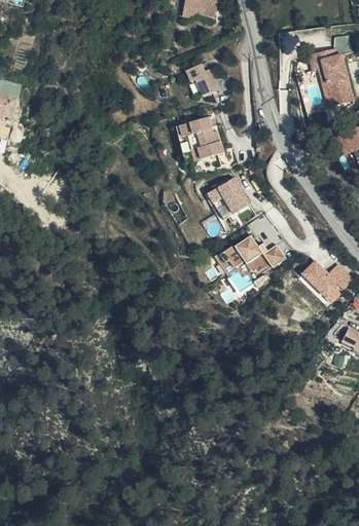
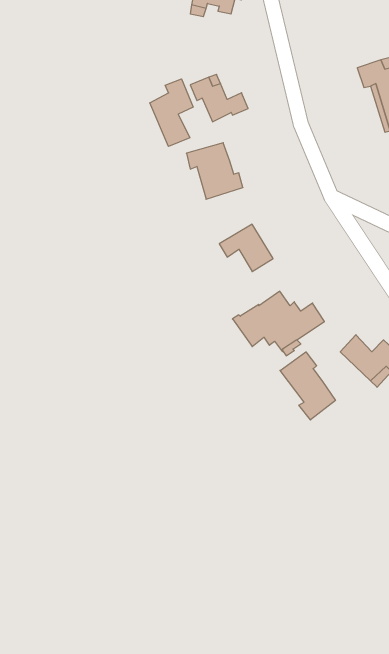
building: none -> [150,79,193,146]
building: none -> [280,352,335,420]

